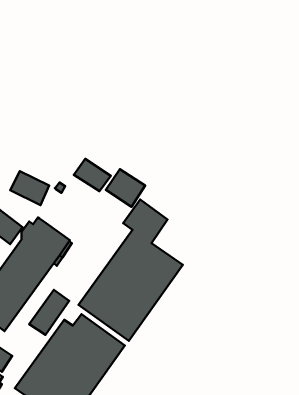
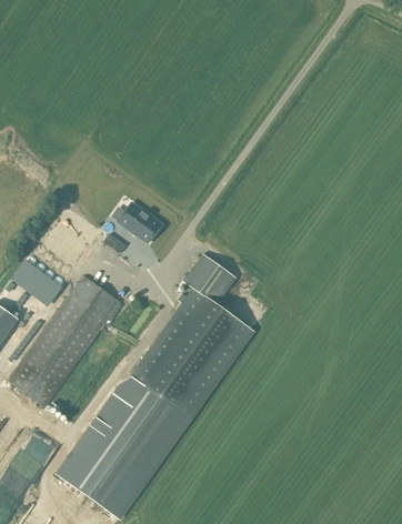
building: [106,169,145,207] -> none
building: [29,290,69,335] -> none

